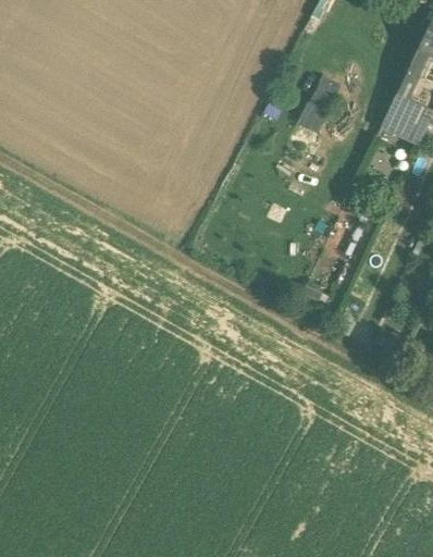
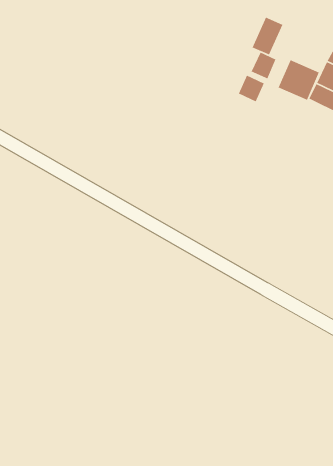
building: none -> [252,17,283,56]
building: none -> [278,59,320,101]

